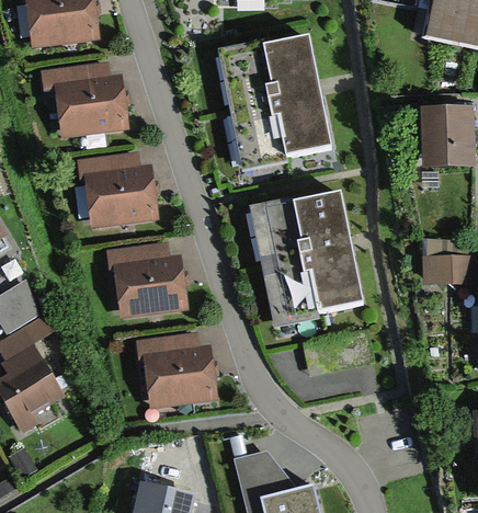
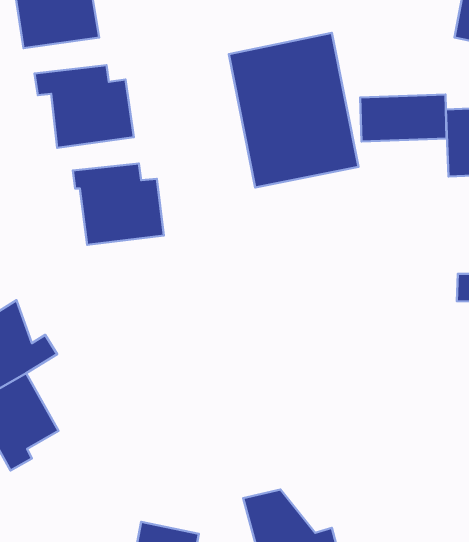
building: none -> [360,94,446,141]
building: [252,190,363,329] -> none
building: [104,242,189,319] -> none
building: [135,333,216,407] -> none

